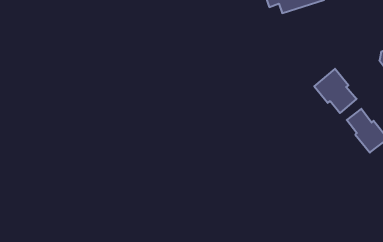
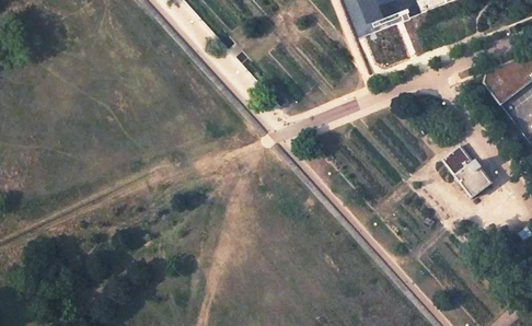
building: [314,69,357,113] -> none

